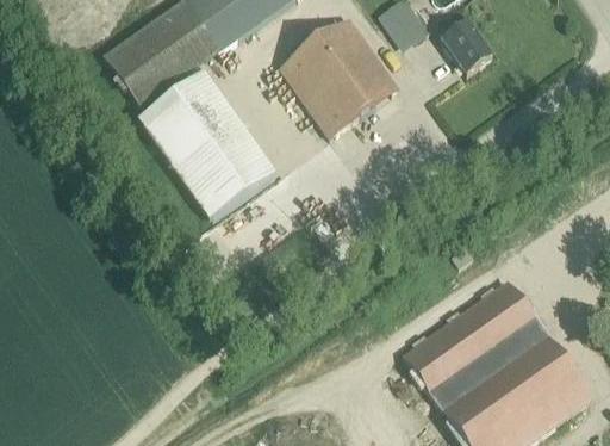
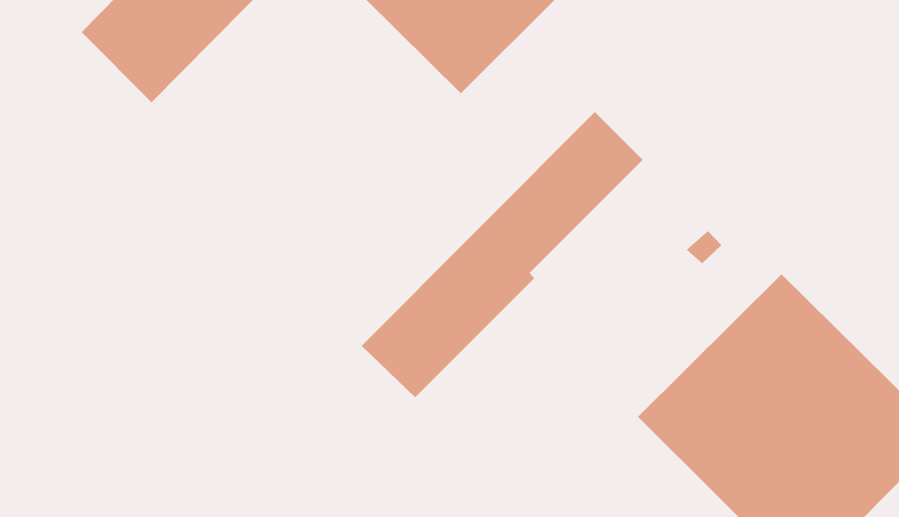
building: [141,67,276,221] -> none
building: none -> [361,111,643,398]

